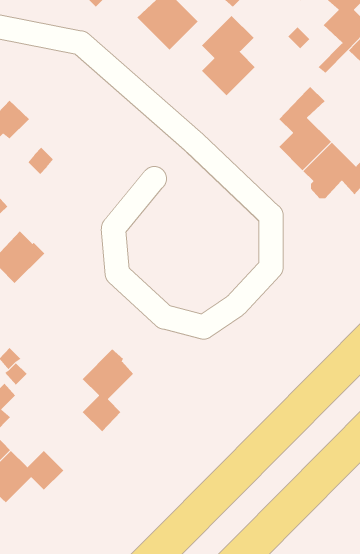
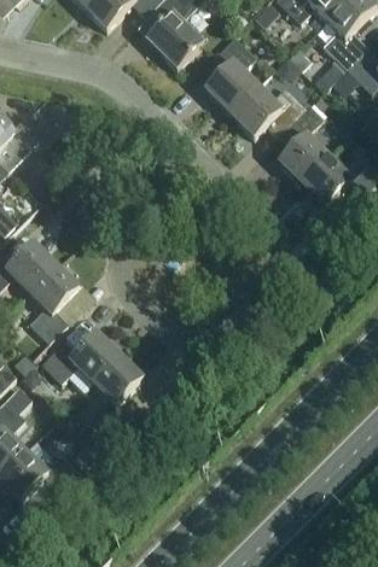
building: none -> [229,83,306,135]
building: none -> [28,261,78,340]
building: none -> [41,329,121,380]

